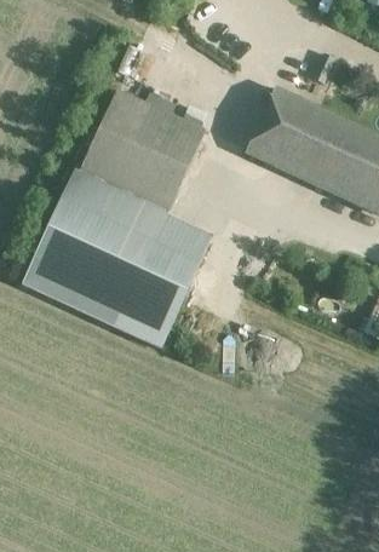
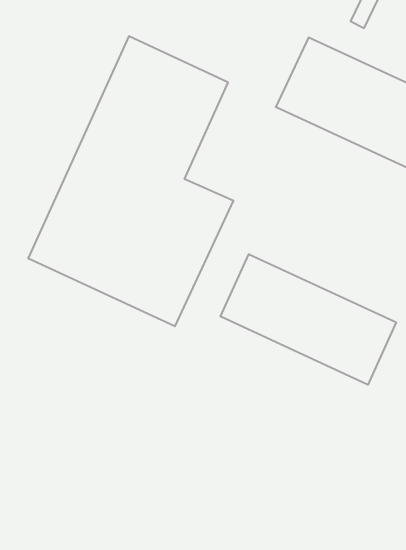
building: none -> [221,254,396,385]

